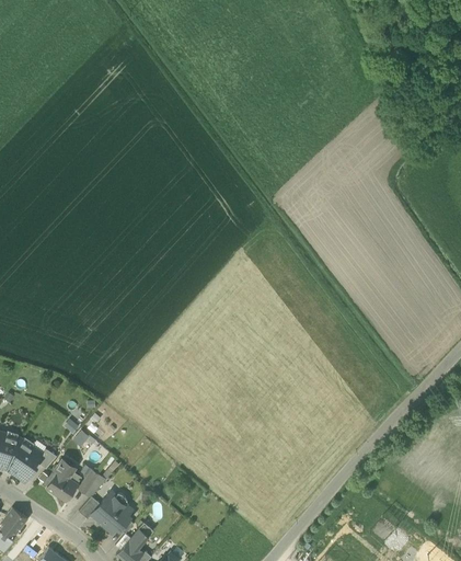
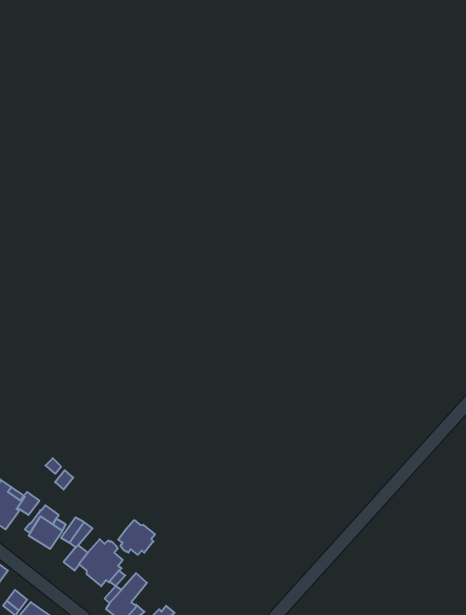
building: none -> [118,520,155,555]

